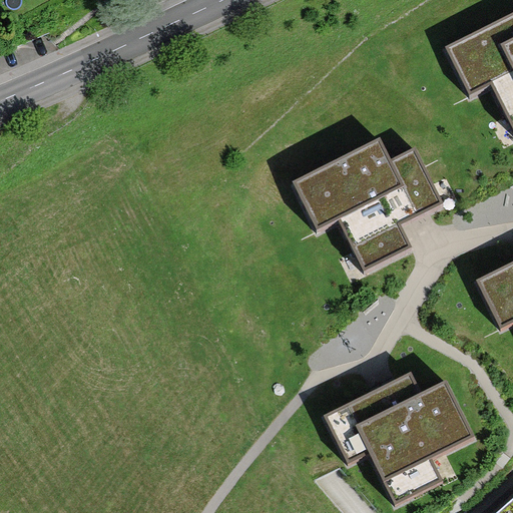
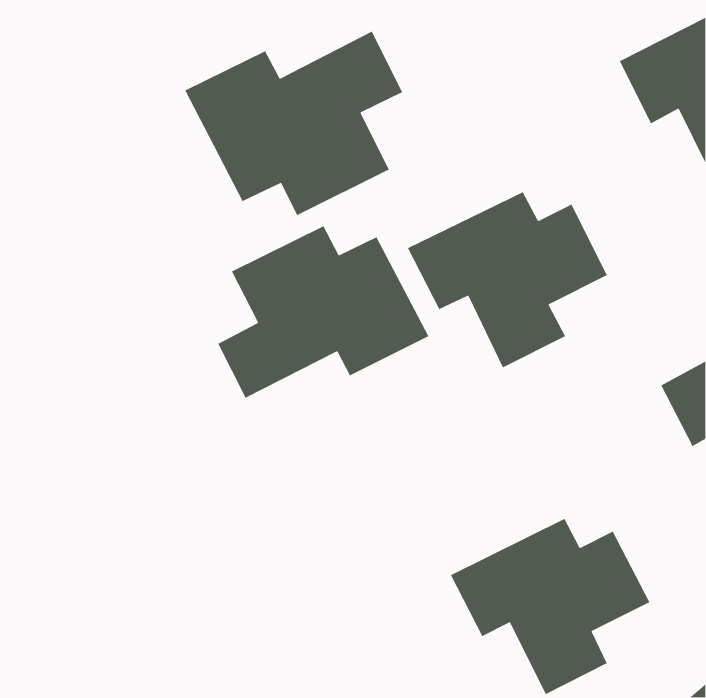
building: none -> [184,30,403,216]
building: none -> [217,225,429,399]

